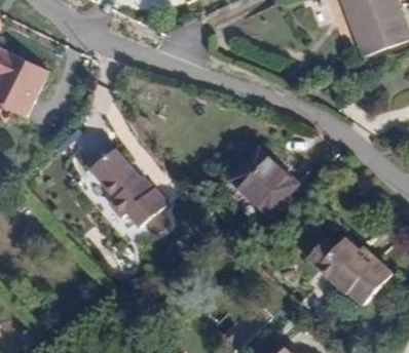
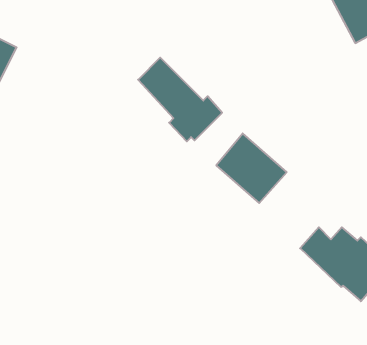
building: [82,150,160,228] -> [138,58,222,141]

